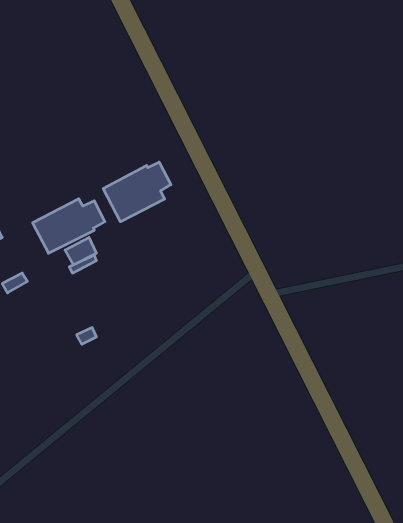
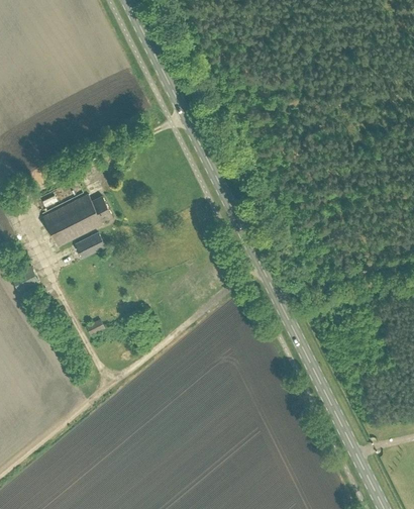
building: [103,162,171,222] -> none

